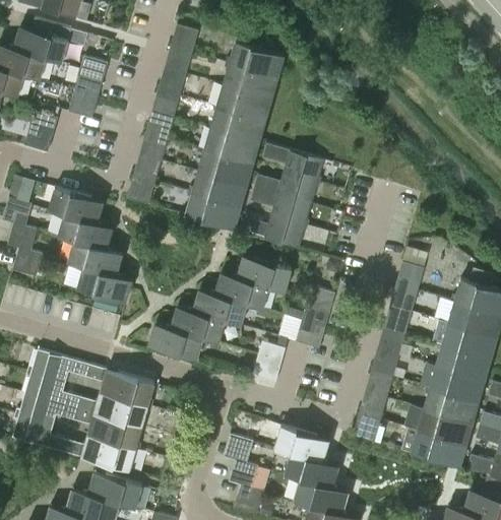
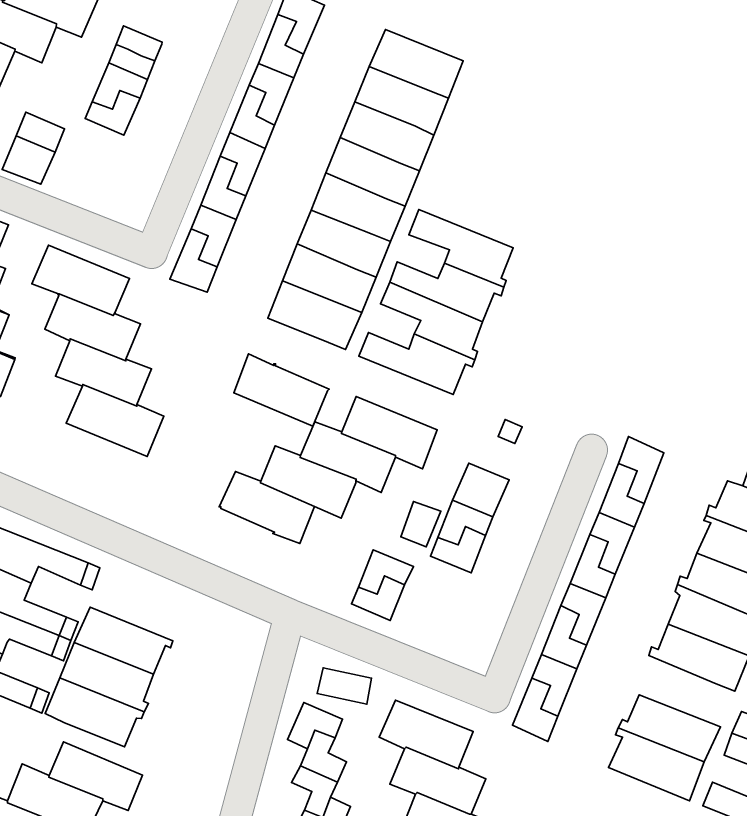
building: [148,323,203,361] -> [234,354,329,426]
building: [102,371,155,407] -> none
building: [424,386,479,422] -> none

